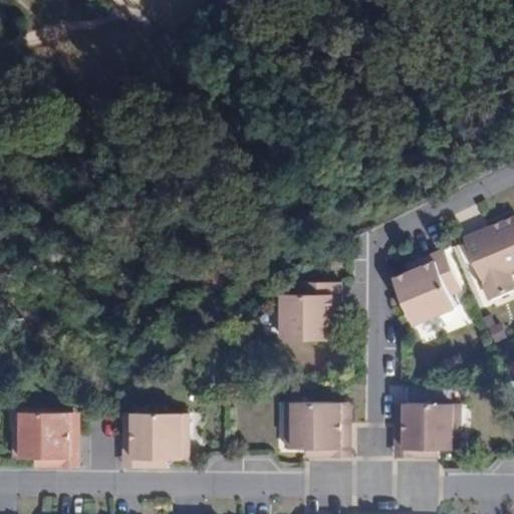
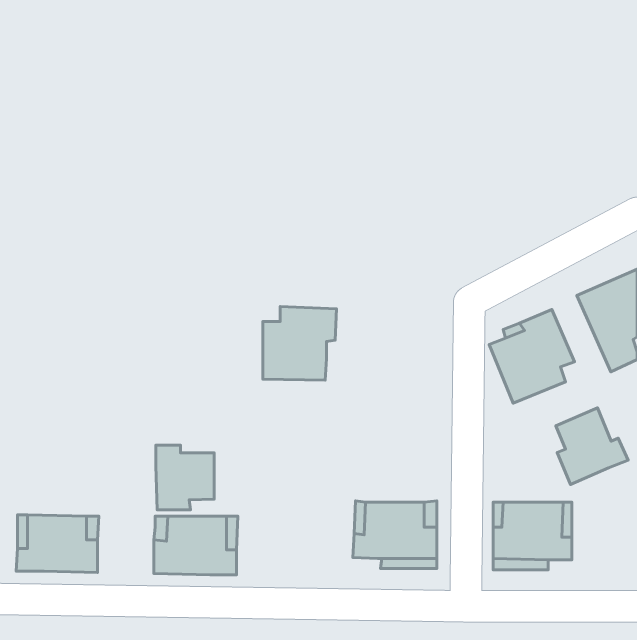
building: [281,281,340,340] -> [263,306,337,380]
building: none -> [556,408,628,485]
building: none -> [156,445,214,510]

